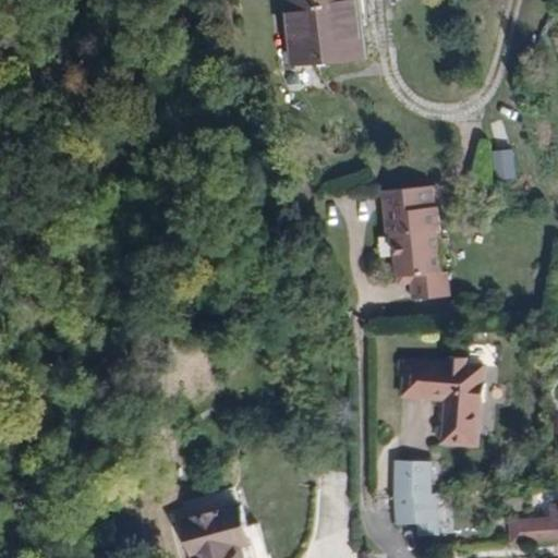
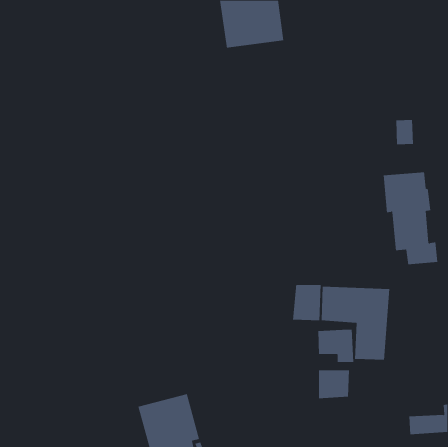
building: [383,185,451,301] -> [383,172,438,265]
building: none -> [293,284,321,321]
building: [396,495,441,536] -> [317,329,354,362]

